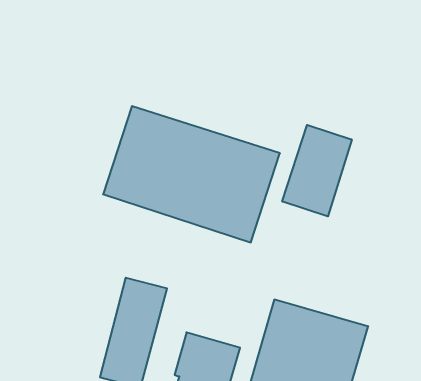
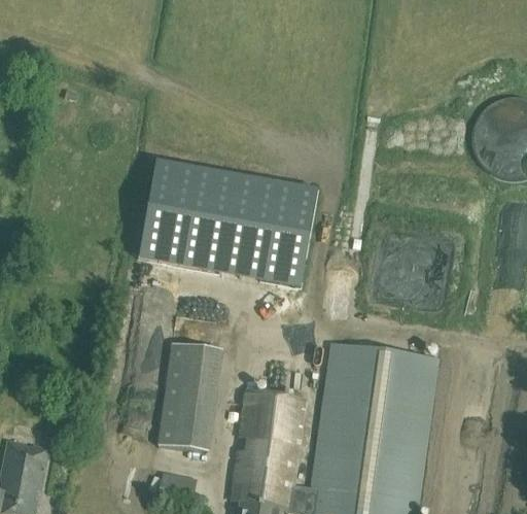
building: [282,125,352,216] -> none

